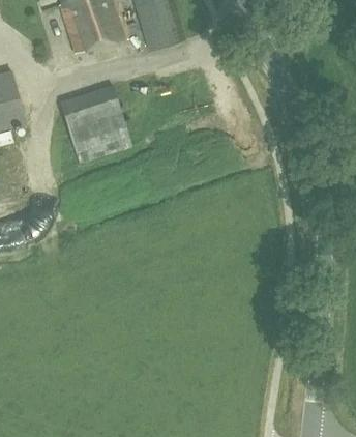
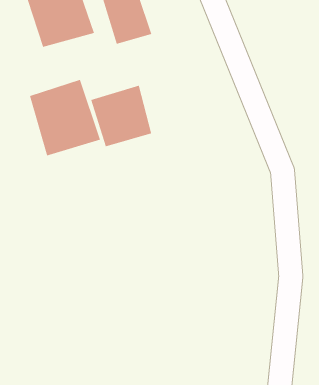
building: none -> [90,85,152,147]

